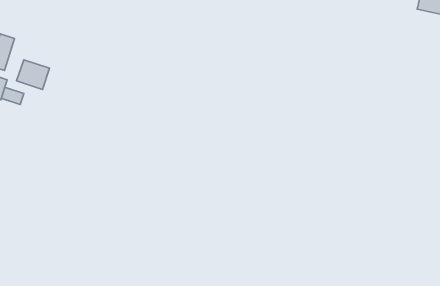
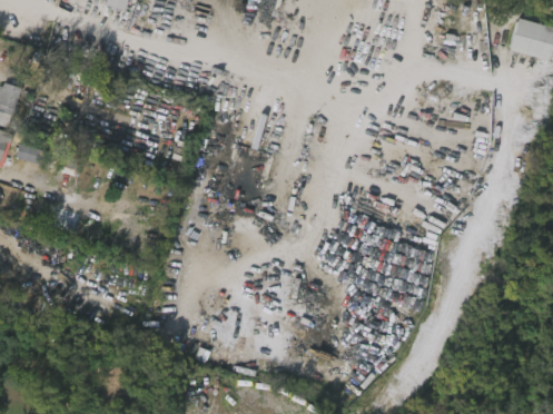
building: [17,60,49,90] -> none

